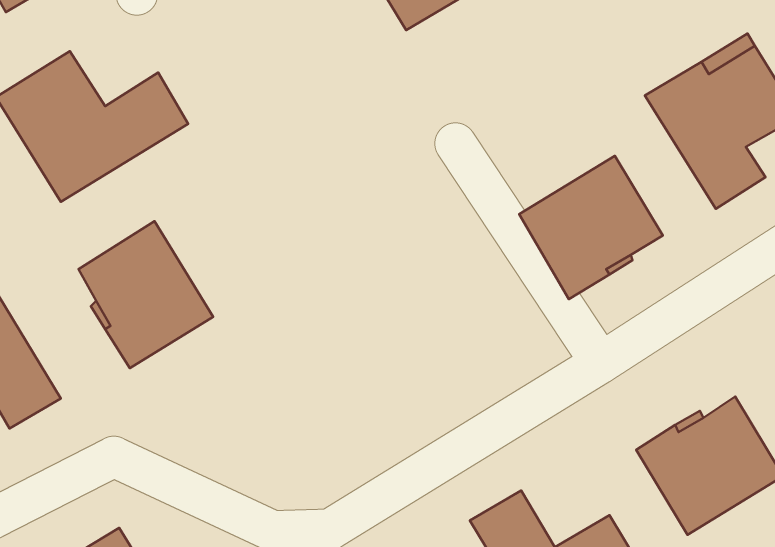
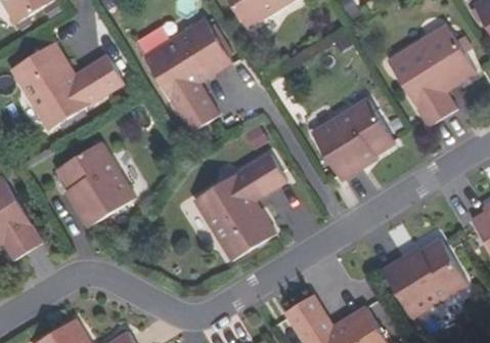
building: none -> [144,22,232,133]
building: none -> [195,156,288,264]

